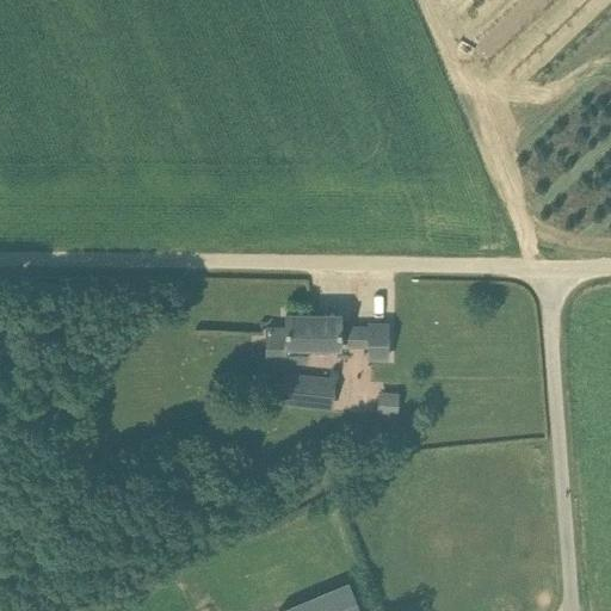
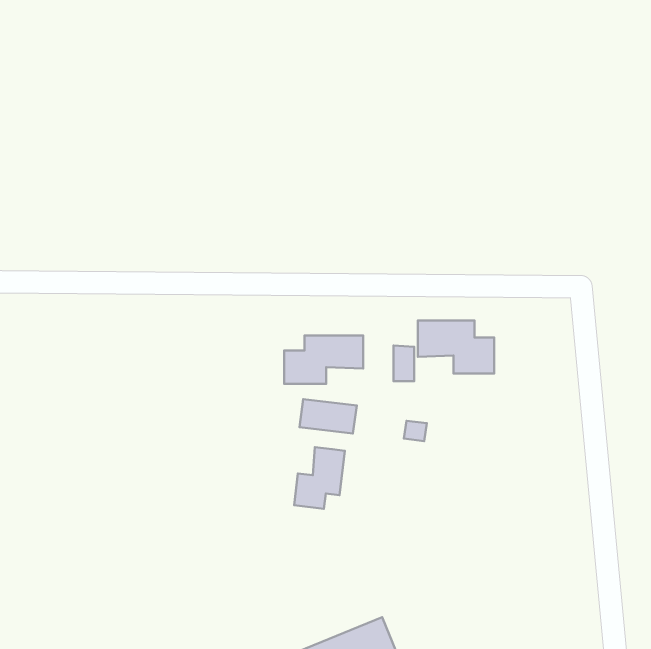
building: none -> [418,321,494,374]
building: none -> [294,447,345,509]

